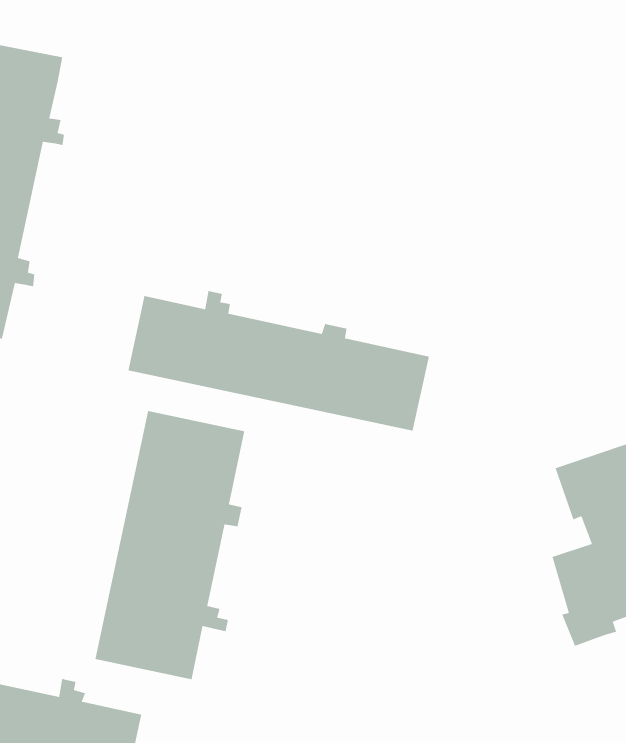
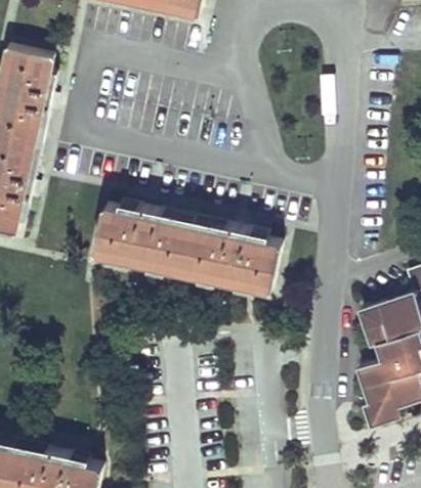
building: [95,410,245,680] -> none

